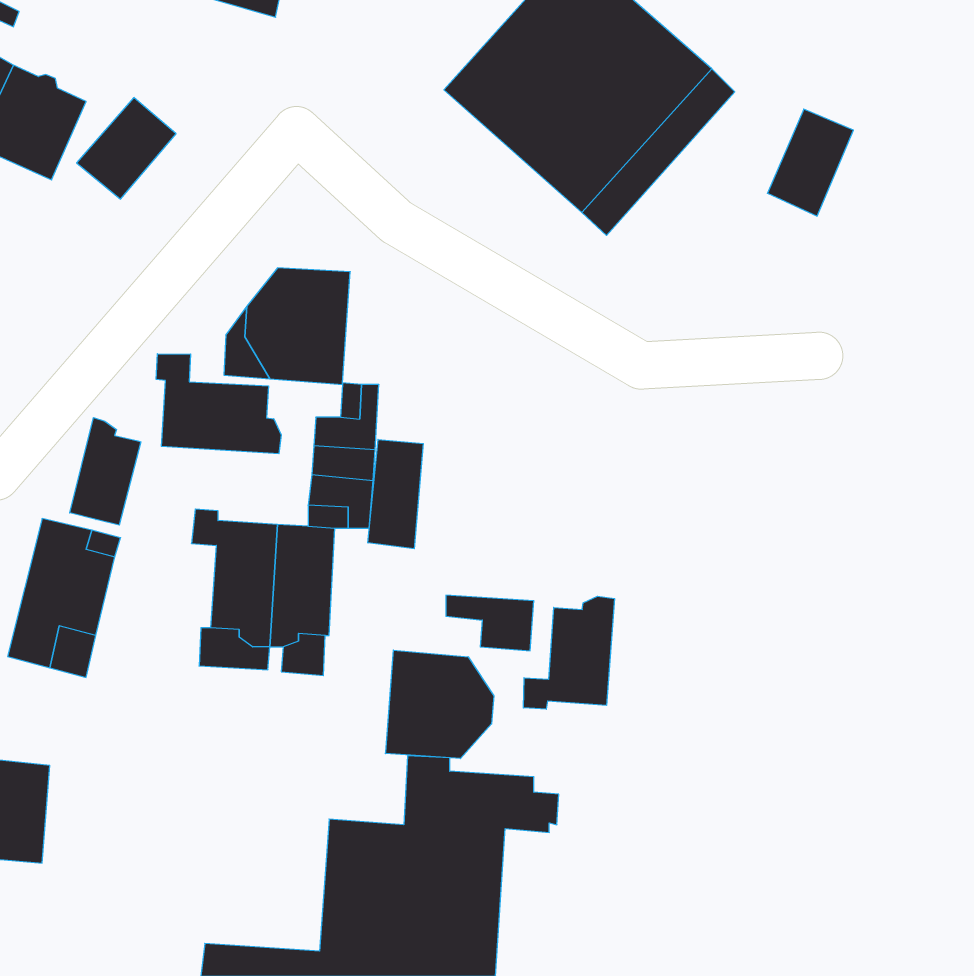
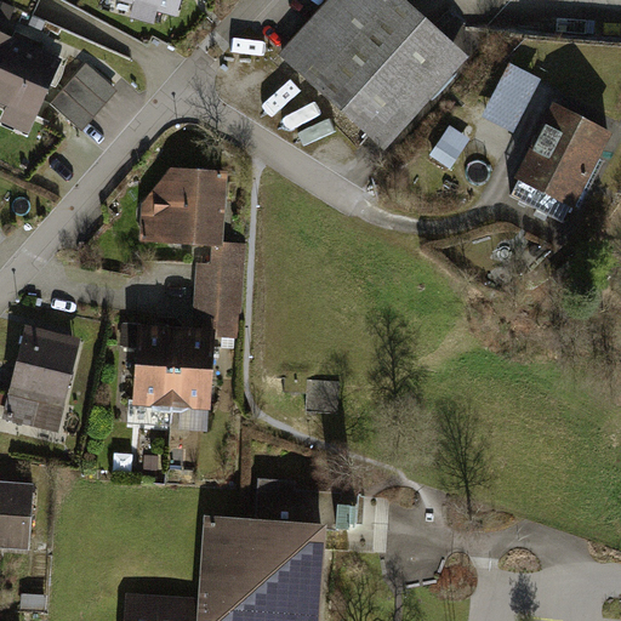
building: none -> [509,106,606,221]
building: [156,354,281,454] -> none
building: [70,418,141,525] -> none
building: [368,439,423,549] -> none
building: [523,596,615,709] -> none
building: [385,650,494,759] -> none

